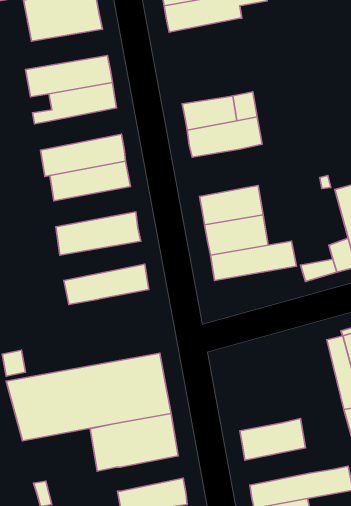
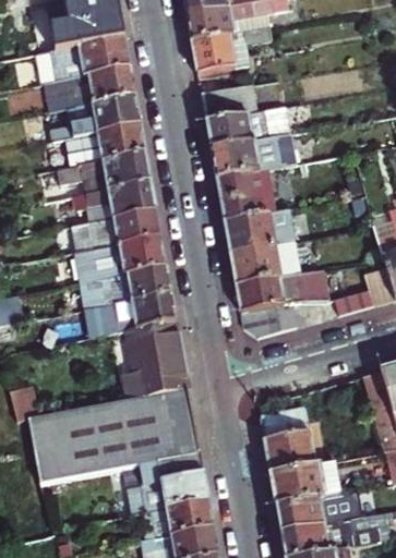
building: none -> [195,28,274,76]
building: none -> [34,40,129,84]
building: none -> [205,87,259,121]
building: none -> [62,125,144,169]
building: none -> [220,170,279,221]
building: none -> [68,210,159,254]
building: none -> [77,269,169,312]
building: none -> [244,303,299,337]
building: none -> [121,322,185,401]
building: none -> [261,410,317,474]
building: none -> [277,487,373,533]
building: none -> [139,501,211,539]

